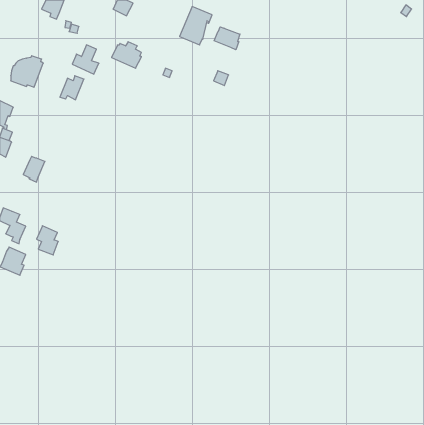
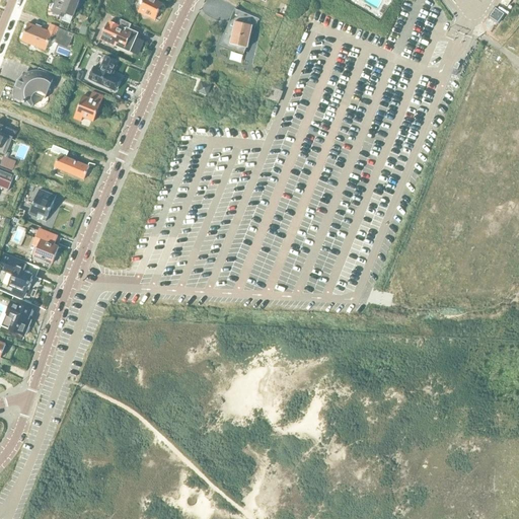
building: none -> [20,23,72,50]
building: [214,27,240,50] -> none
building: [112,42,141,68] -> [99,19,136,52]
building: none -> [51,145,88,179]
building: [37,226,58,255] -> [31,228,58,264]

